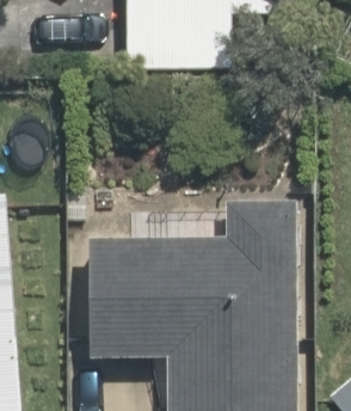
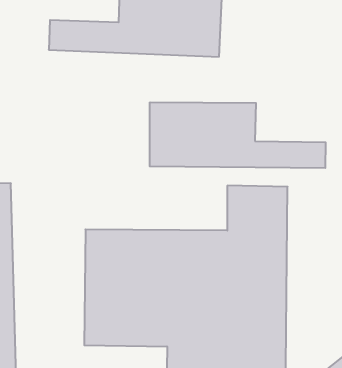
building: none -> [150,102,326,168]

